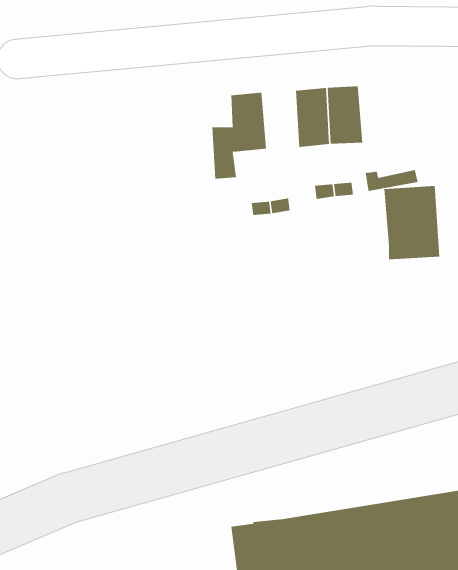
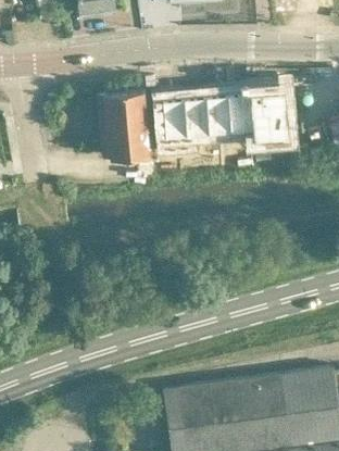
building: none -> [104,92,150,161]
building: none -> [185,93,210,134]
building: [383,186,440,260] -> [251,88,290,139]

